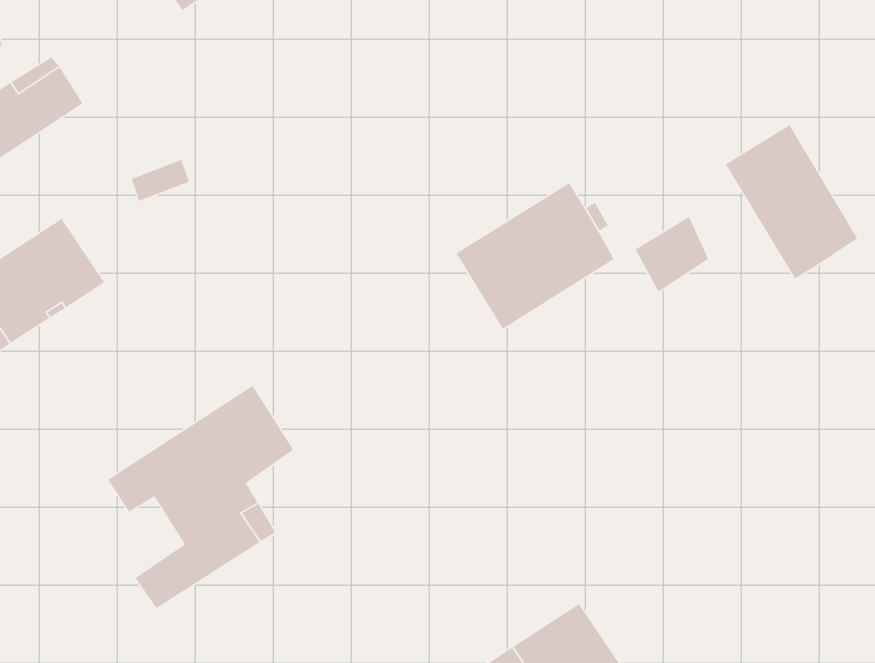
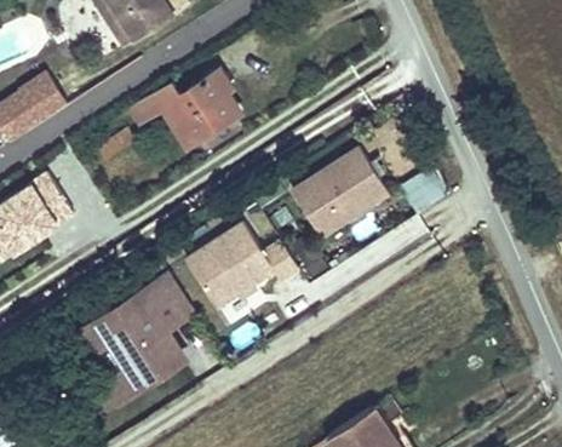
building: none -> [132,73,234,145]
building: [725,124,858,279] -> none
building: none -> [184,225,298,309]

